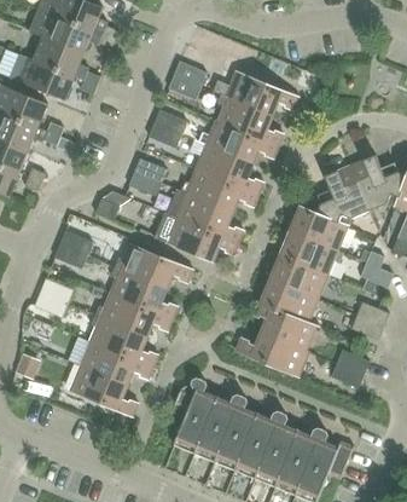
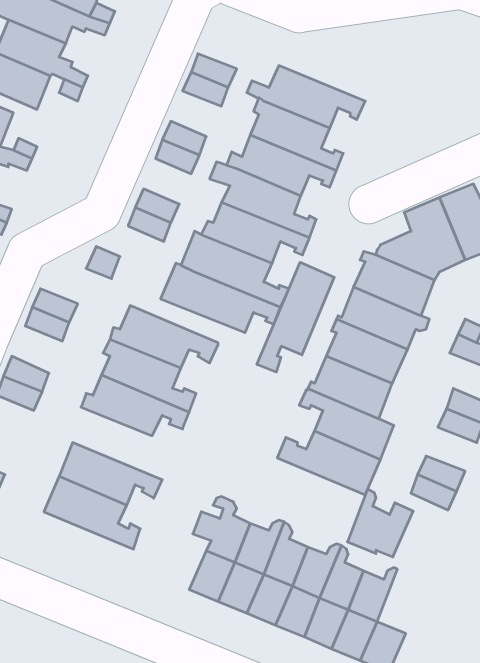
building: none -> [257,262,334,372]
building: [89,313,158,365] -> none
building: [307,429,354,478] -> [347,489,413,557]

